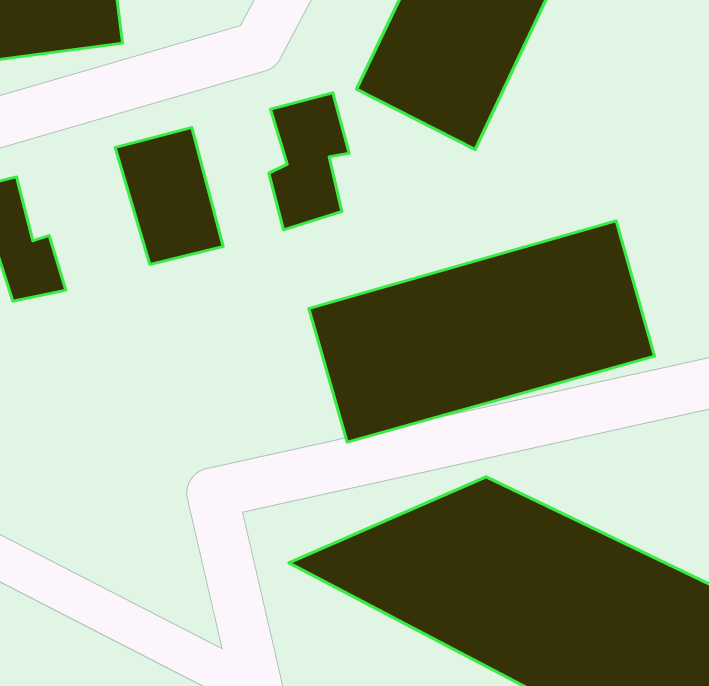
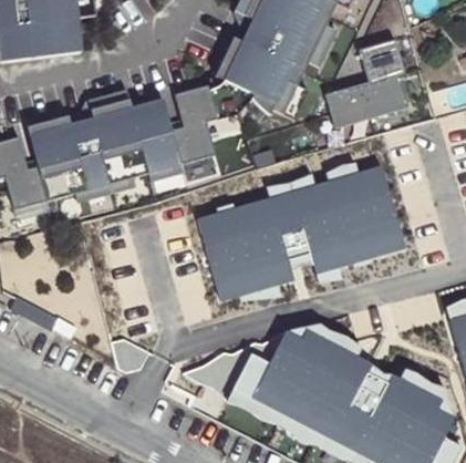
building: none -> [328,35,403,124]
building: none -> [124,97,179,179]
building: none -> [27,120,99,206]

